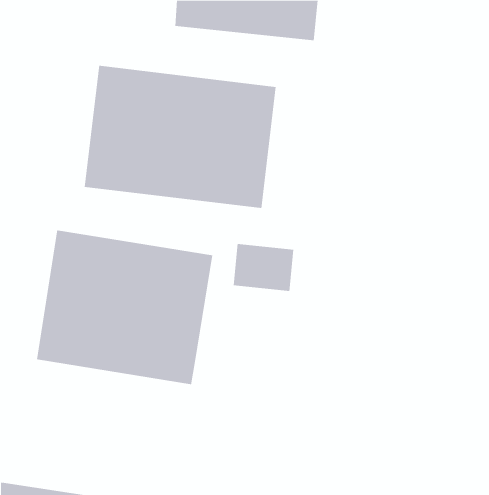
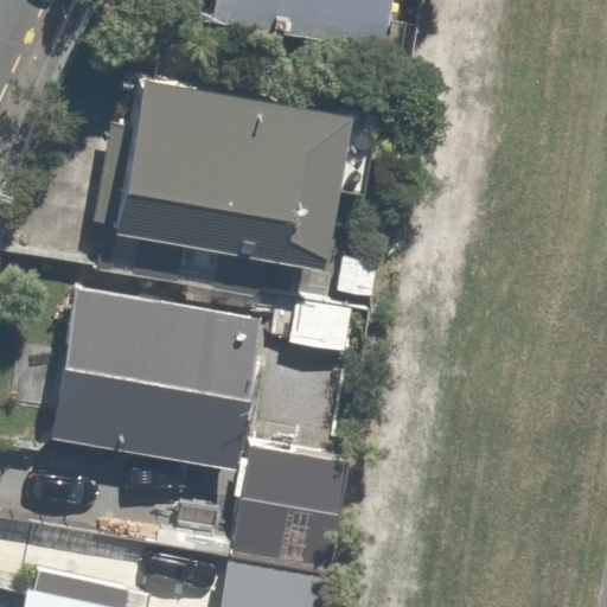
building: none -> [229,443,340,581]

